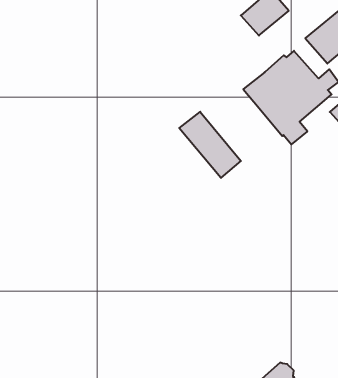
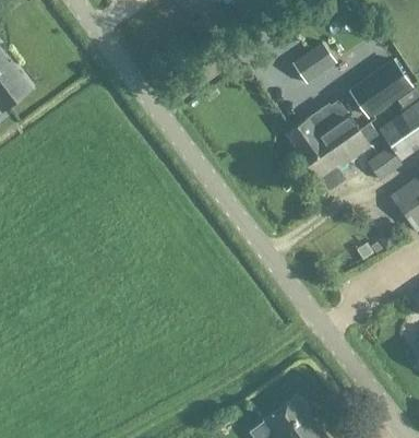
building: [179,112,241,178] -> none

